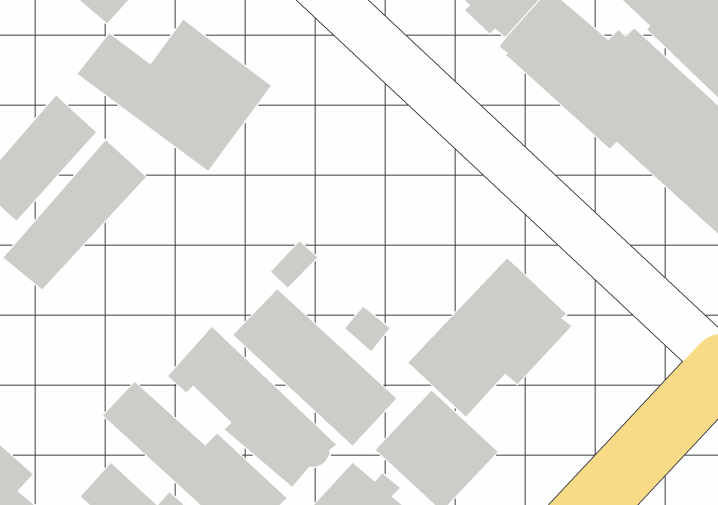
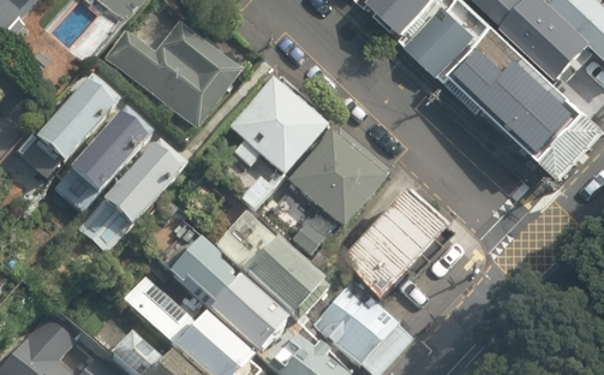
building: none -> [227,76,325,175]
building: none -> [285,126,388,227]
building: none -> [80,136,186,252]

